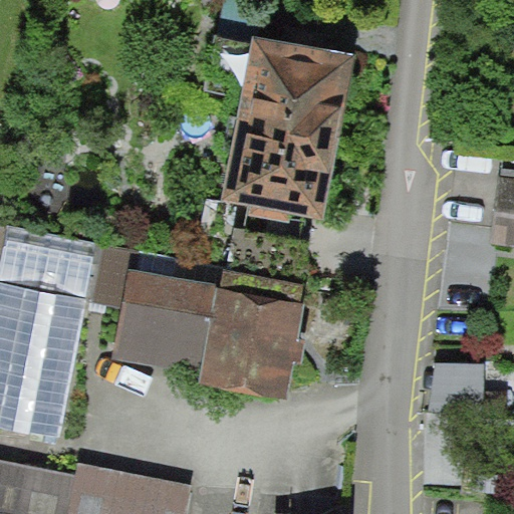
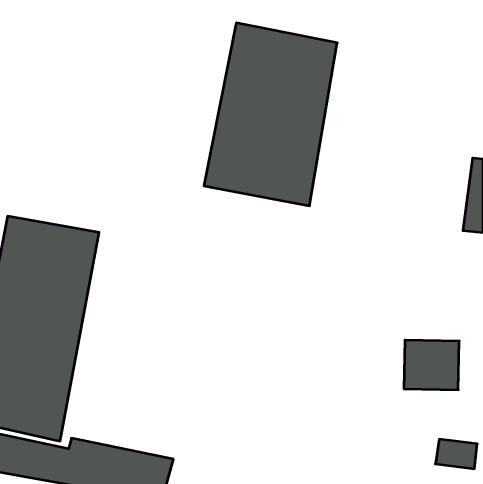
building: [104,265,301,411] -> none

